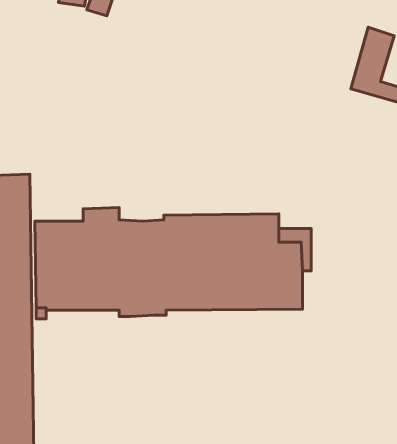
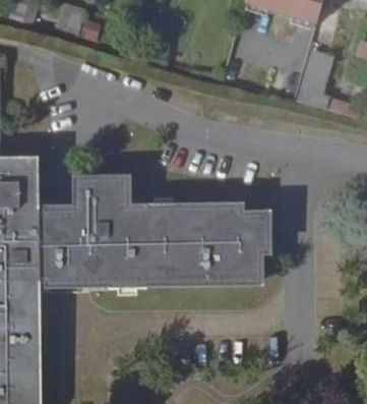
building: none -> [76,179,127,209]

